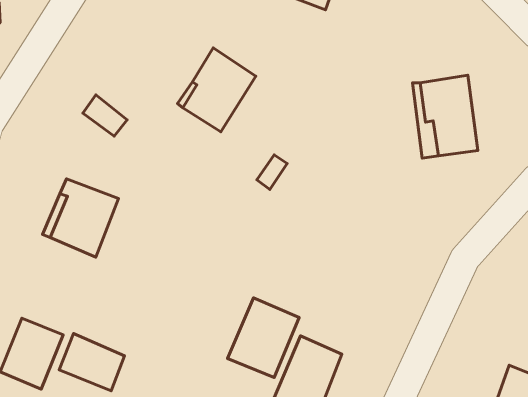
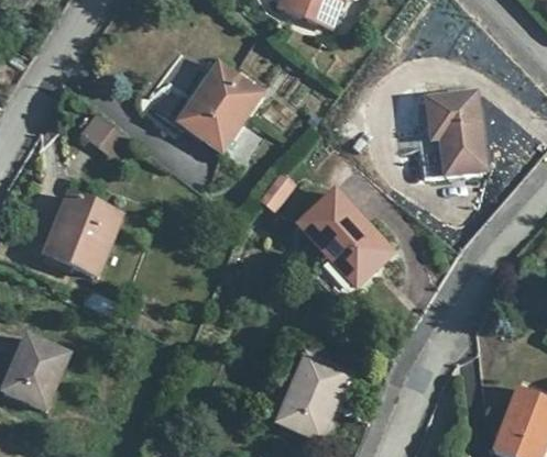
building: none -> [302,190,394,287]
building: [228,298,299,377] -> none
building: [59,334,124,391] -> none

